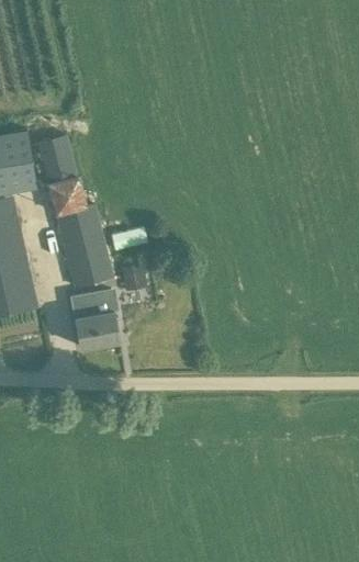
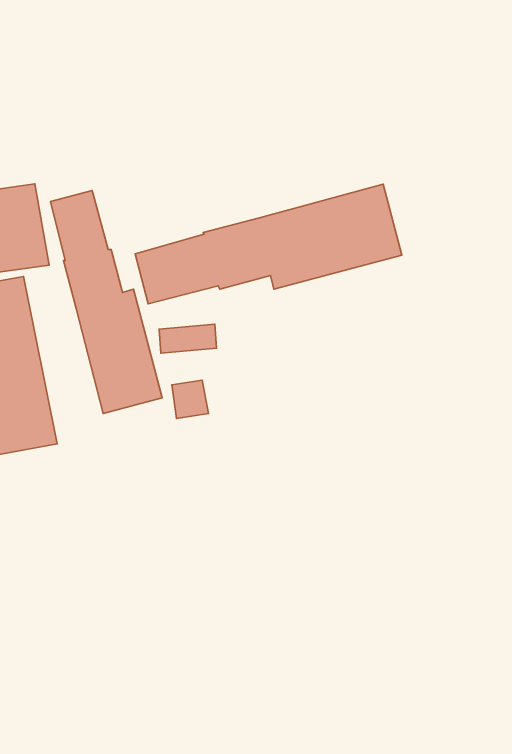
building: none -> [135,184,402,304]
building: [69,290,117,348] -> none

